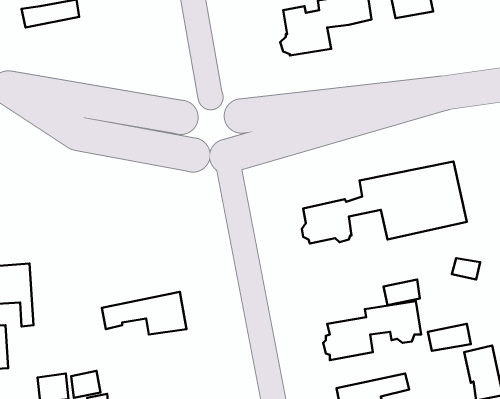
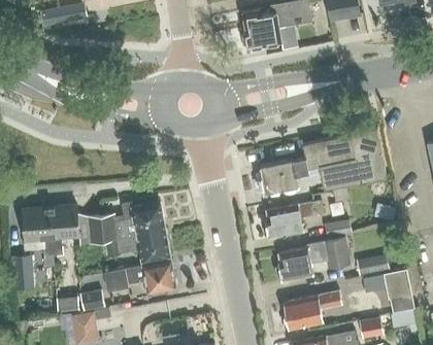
building: none -> [265,201,321,239]
building: none -> [88,203,164,244]
building: none -> [48,206,78,255]
building: none -> [103,262,175,292]

